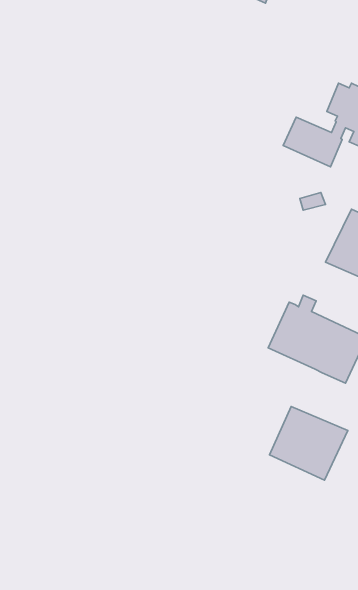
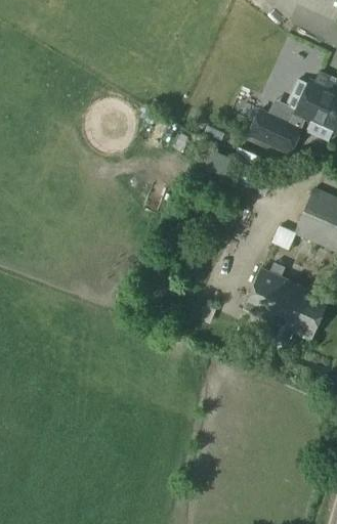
building: [270,406,348,480] -> none

